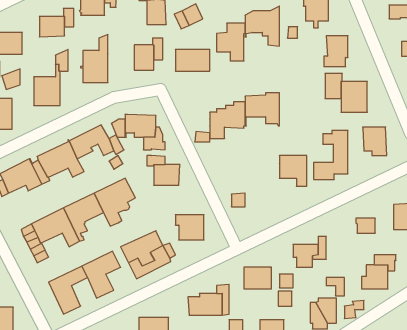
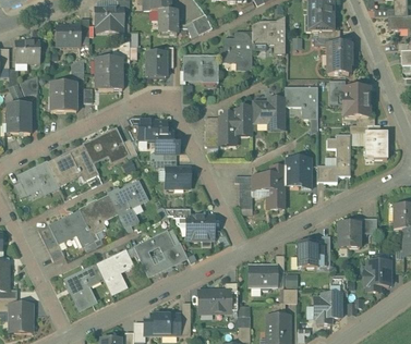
building: none -> [285,86,317,118]
building: none -> [252,165,285,207]
building: none -> [338,222,359,247]

